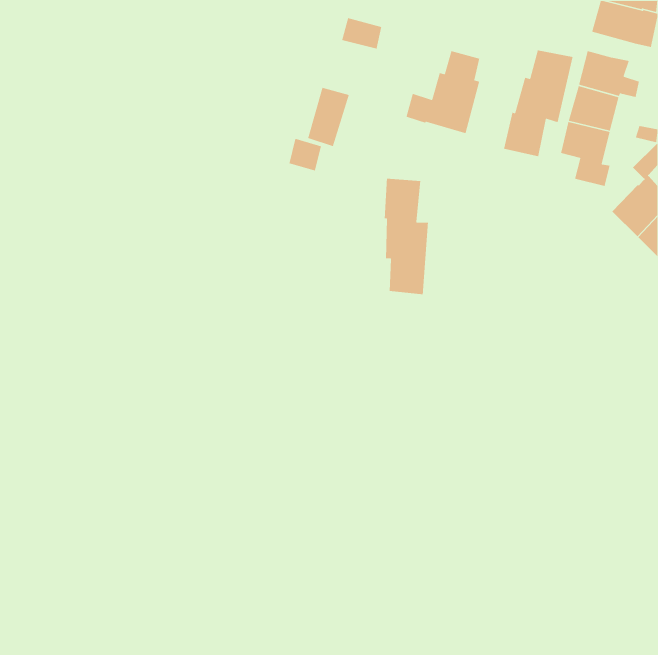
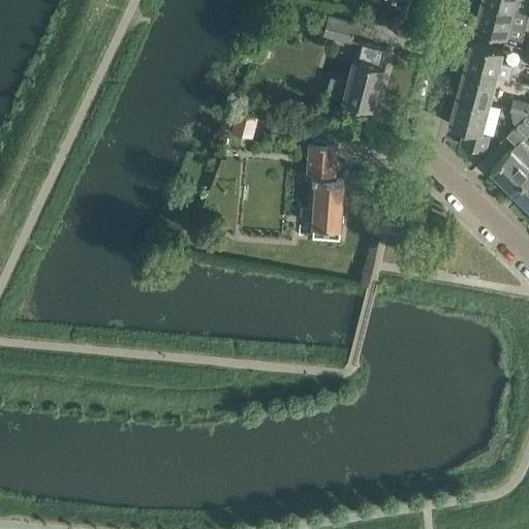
building: [341,17,382,50] -> [323,18,356,43]
building: [503,49,573,157] -> none
building: [307,87,350,147] -> none

